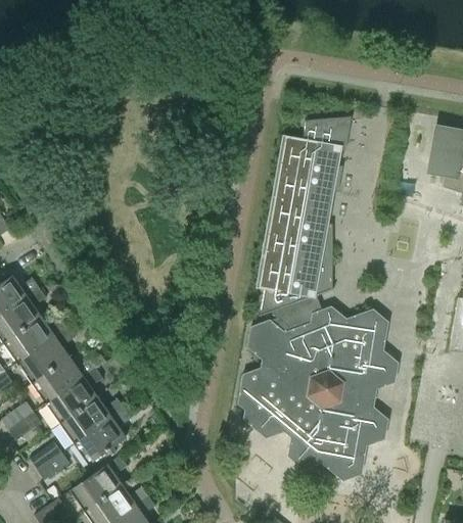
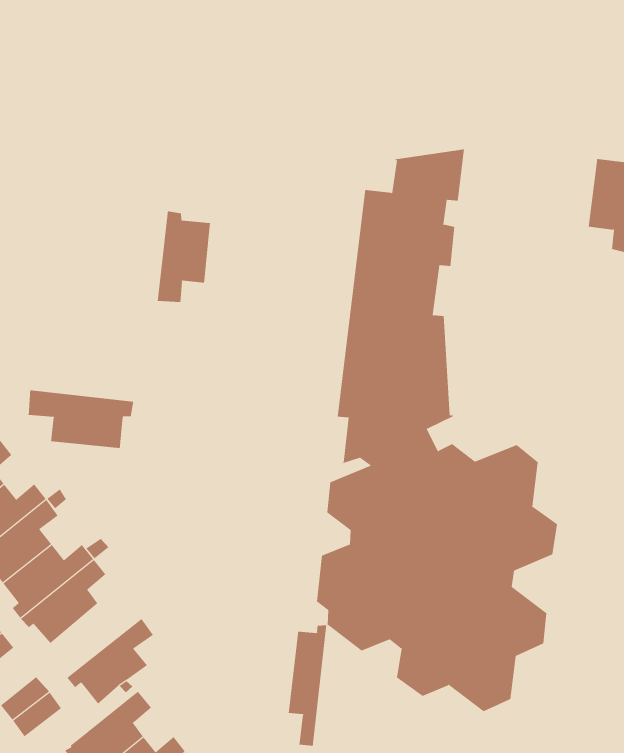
building: none -> [157,210,211,303]
building: none -> [28,390,134,449]
building: [64,396,125,443] -> none
building: none -> [288,625,327,747]

